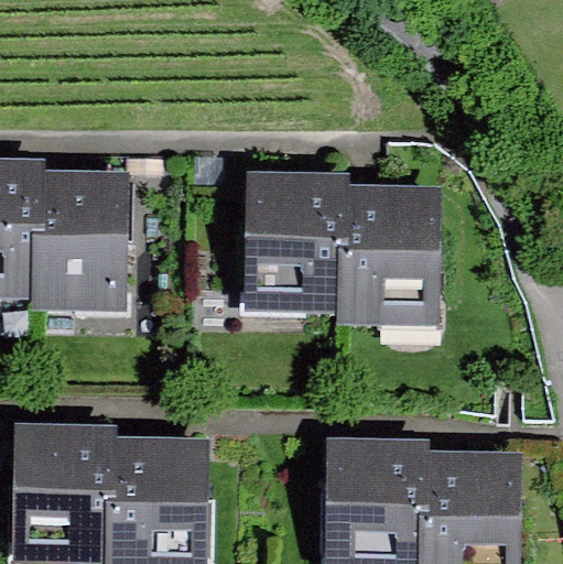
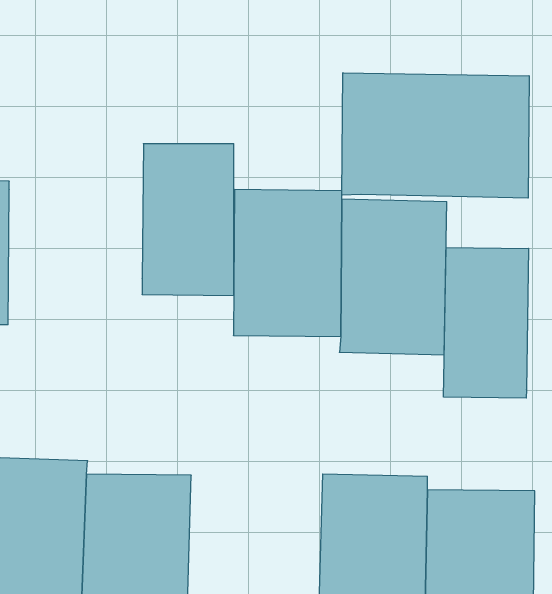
building: none -> [342,73,529,198]
building: [41,176,124,315] -> [142,144,234,296]
building: none -> [444,247,529,398]

